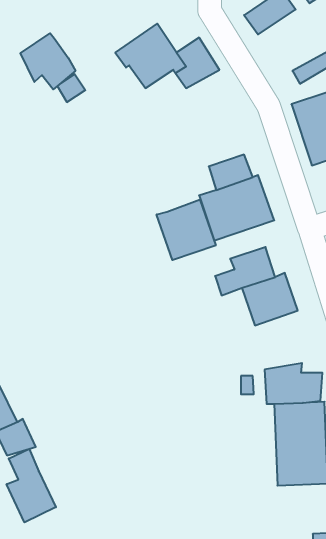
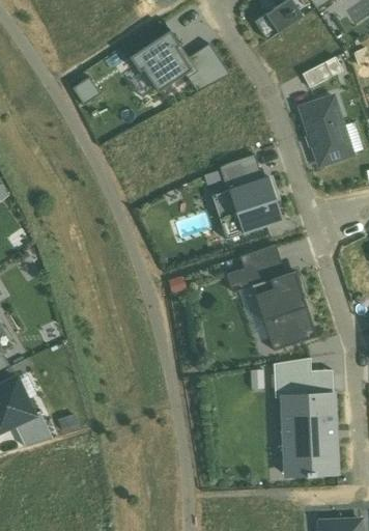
building: [20,33,75,89] -> none
building: [157,200,216,260] -> none
building: none -> [263,306,315,350]
building: [7,449,56,522] -> none

